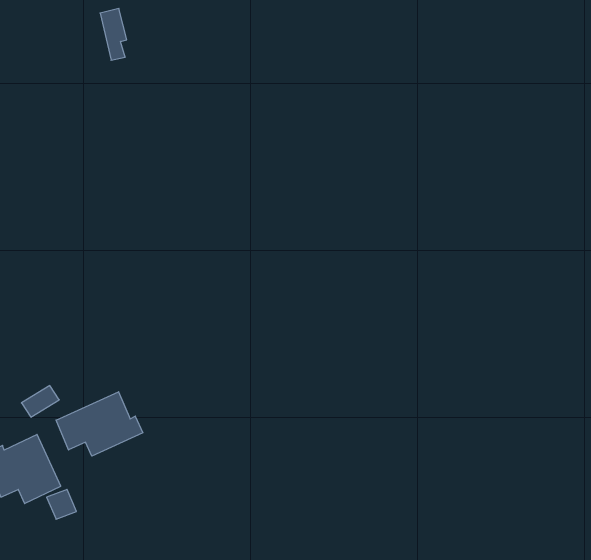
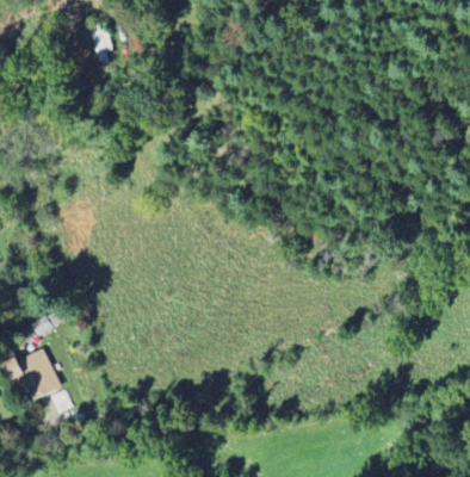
building: [56,392,143,456] -> none

